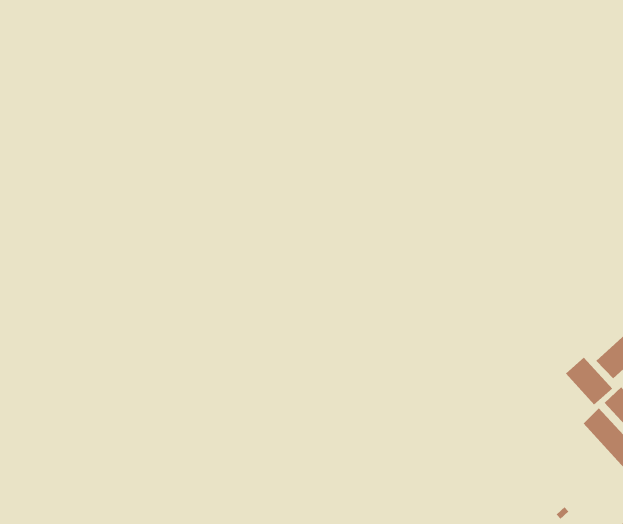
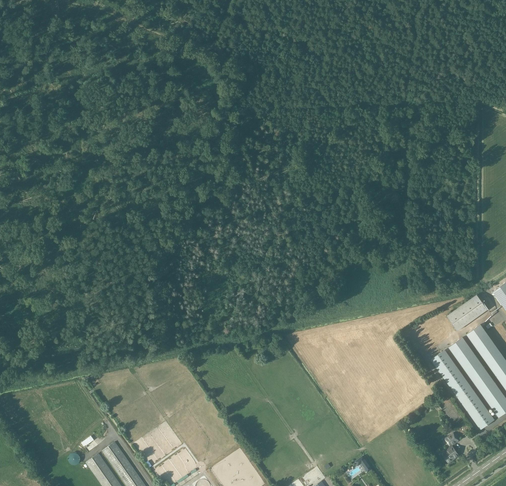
building: [565,357,613,405] -> none

